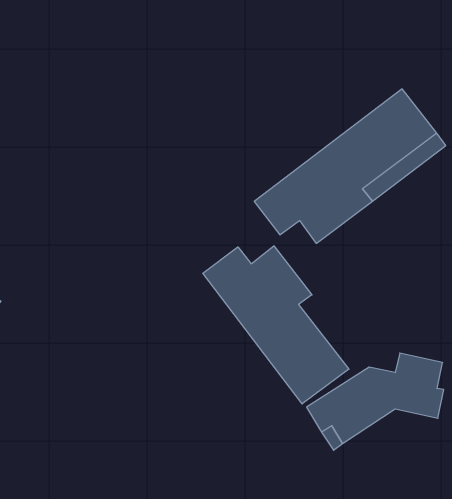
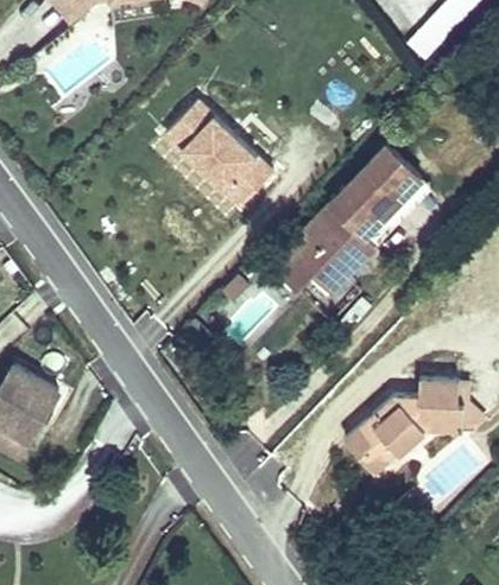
building: none -> [165,100,273,206]
building: [203,246,349,404] -> none

